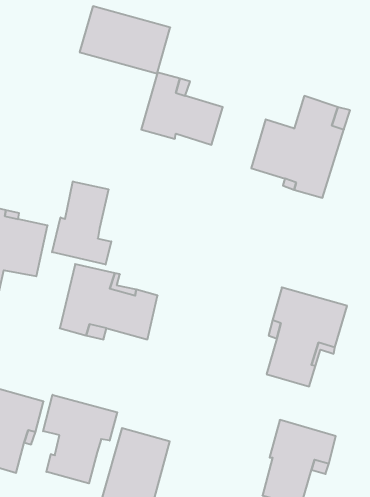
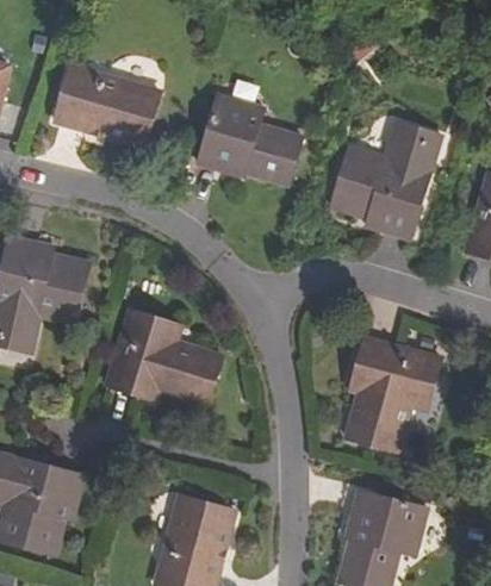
building: [80,6,170,73] -> [52,64,159,143]
building: [52,181,111,265] -> none
building: [43,395,117,483] -> none

